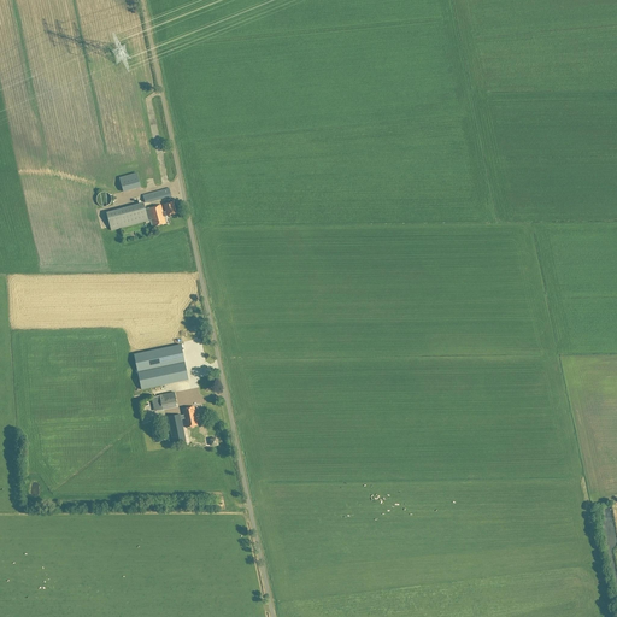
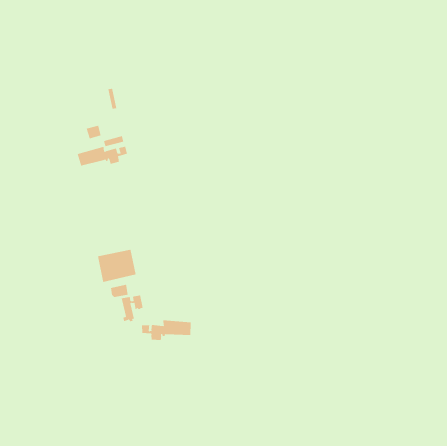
building: none -> [142,320,191,341]

